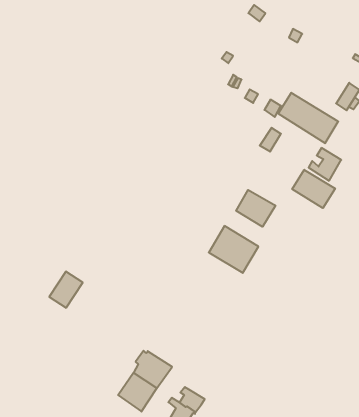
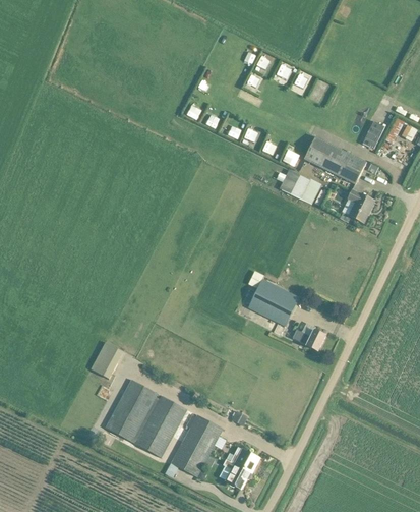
building: [292,170,335,208] -> none
building: [236,190,275,227] -> none
building: none -> [291,329,324,350]
building: none -> [104,380,185,457]

